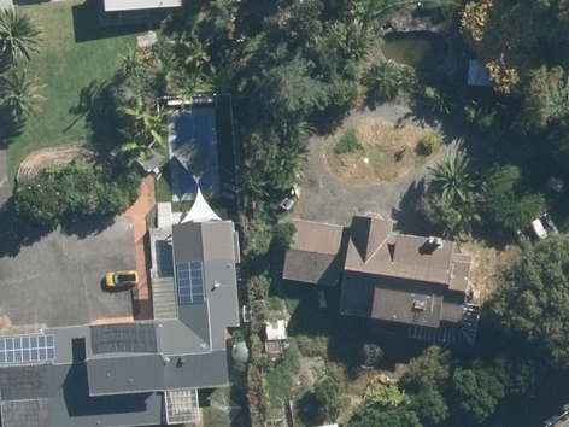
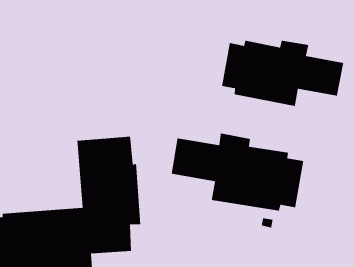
building: none -> [221,40,344,107]

